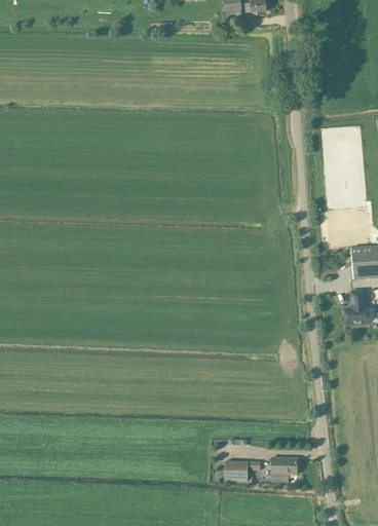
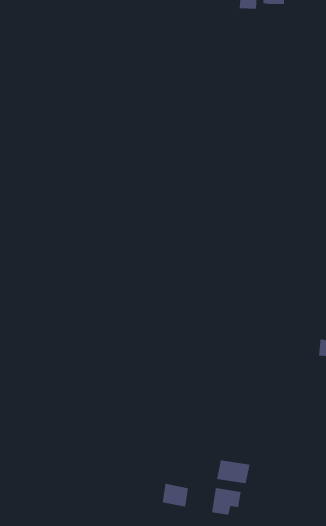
building: none -> [216,459,250,484]

